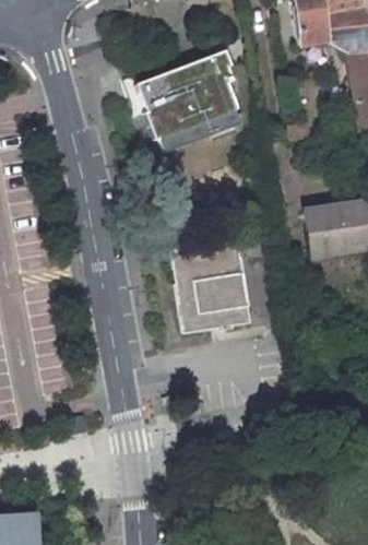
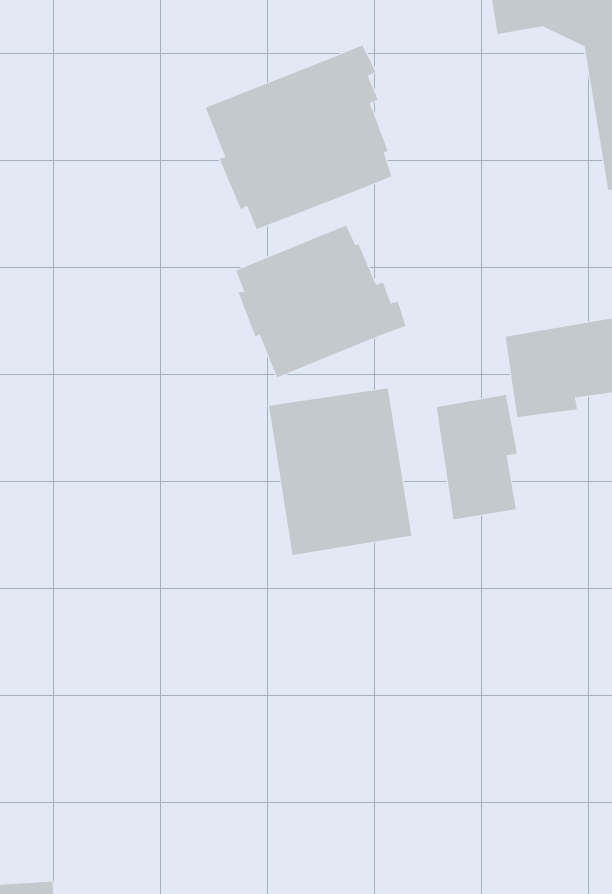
building: none -> [236,225,406,378]
building: none -> [436,394,517,520]

